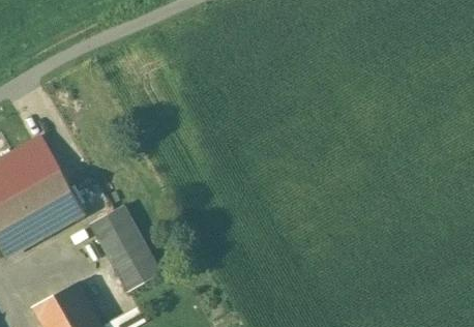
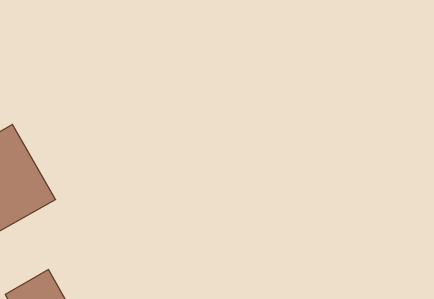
building: [90,205,160,291] -> none

